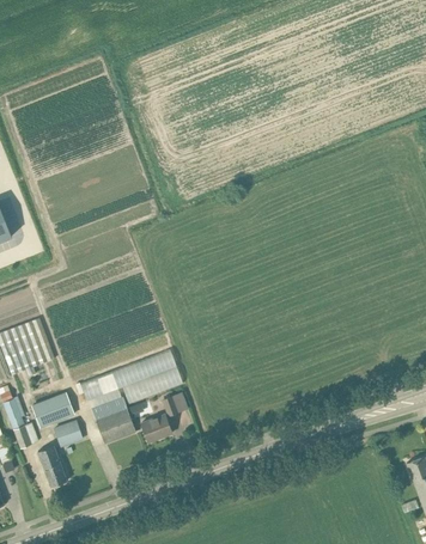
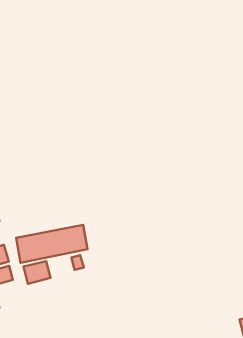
building: [142,415,174,442] -> none

